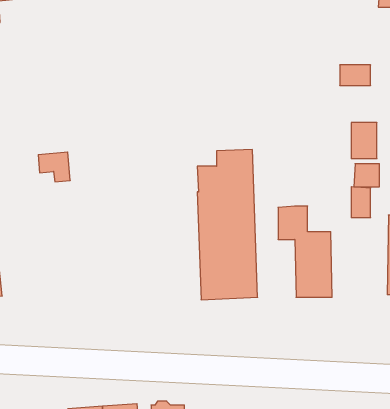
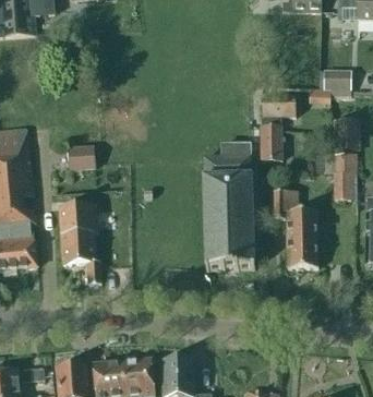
building: none -> [261,97,296,160]
building: none -> [59,204,100,282]

